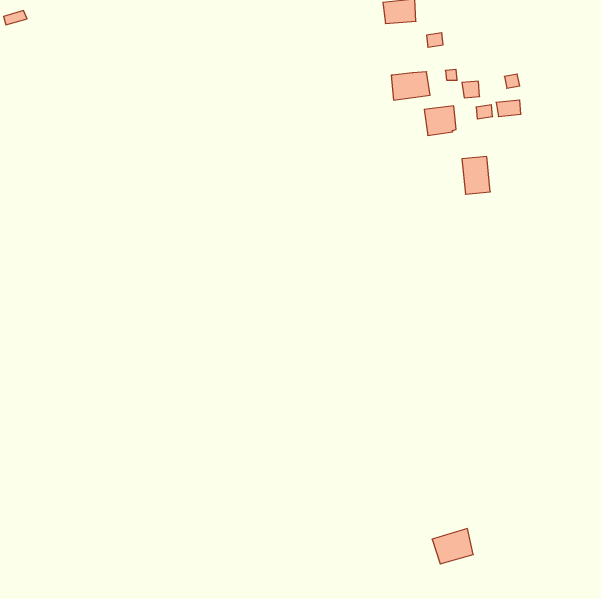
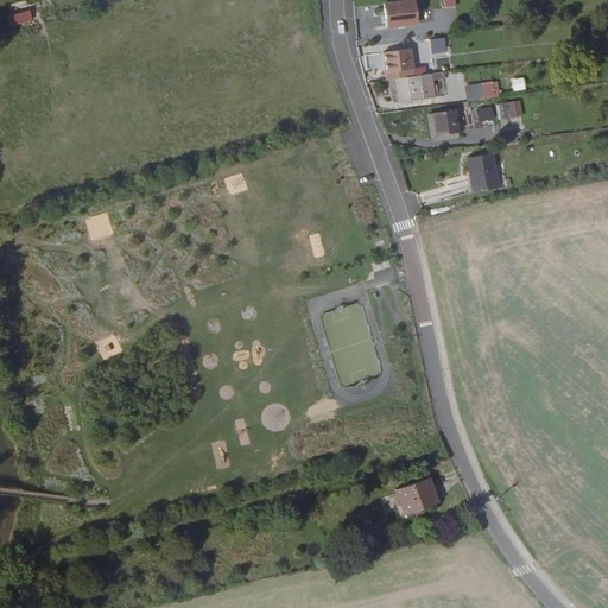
building: none -> [385,46,417,77]
building: [432,529,473,564] -> [398,476,439,512]

